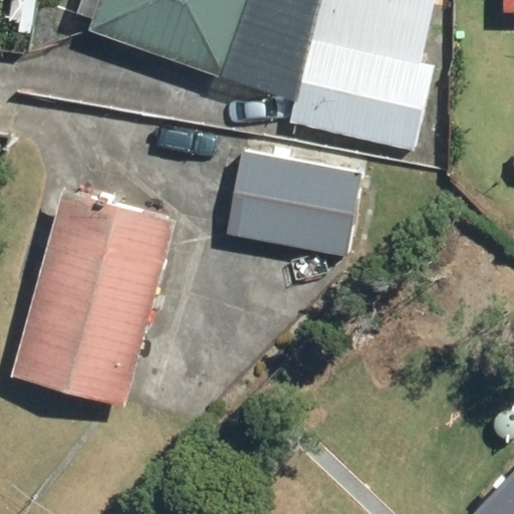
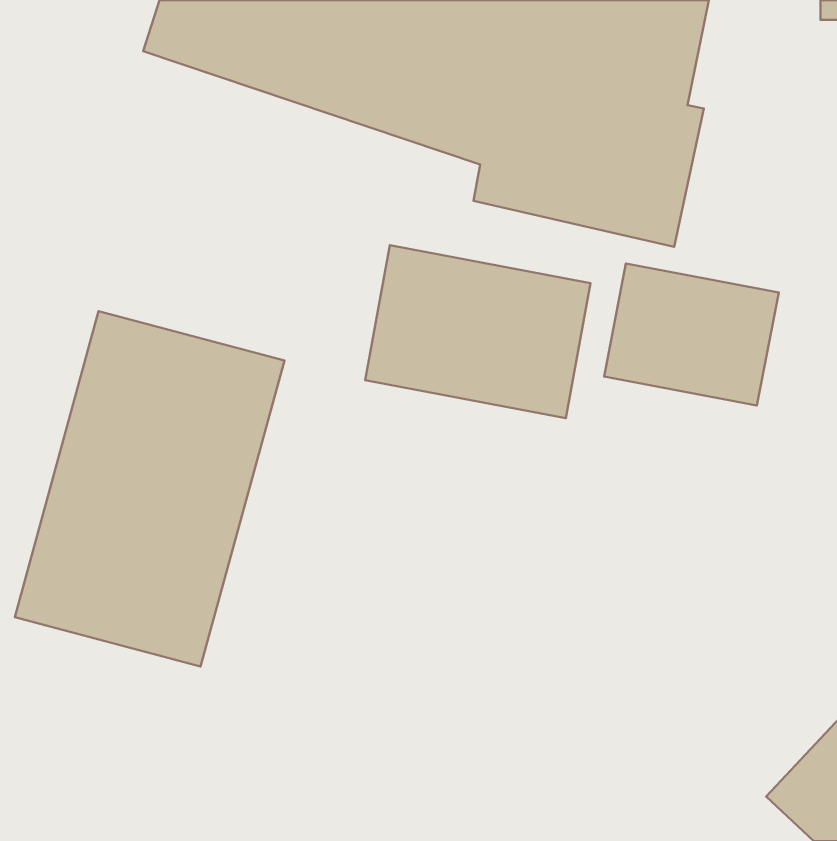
building: none -> [604,264,779,405]

